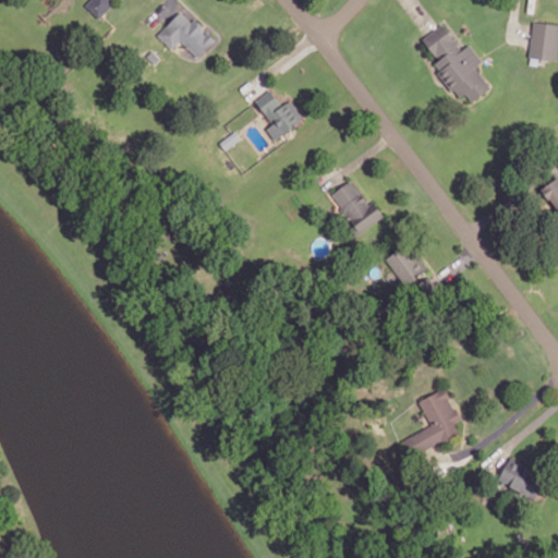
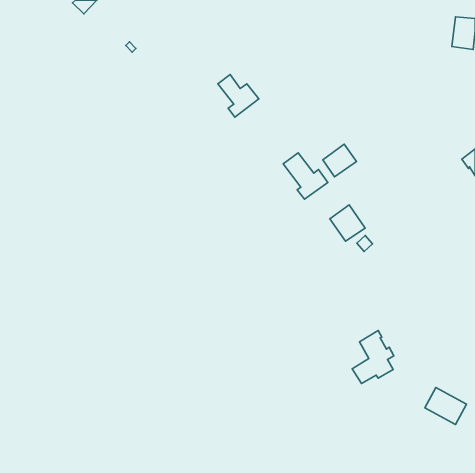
building: [158,13,213,57] -> none
building: [423,26,489,102] -> none
building: none -> [323,144,357,177]

